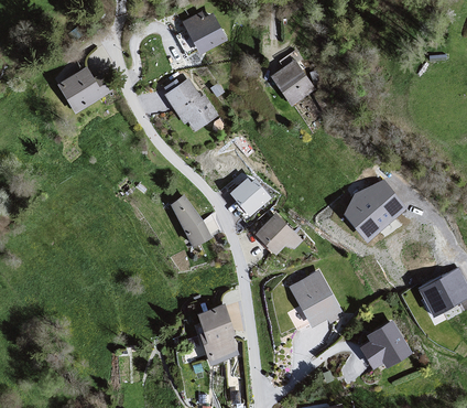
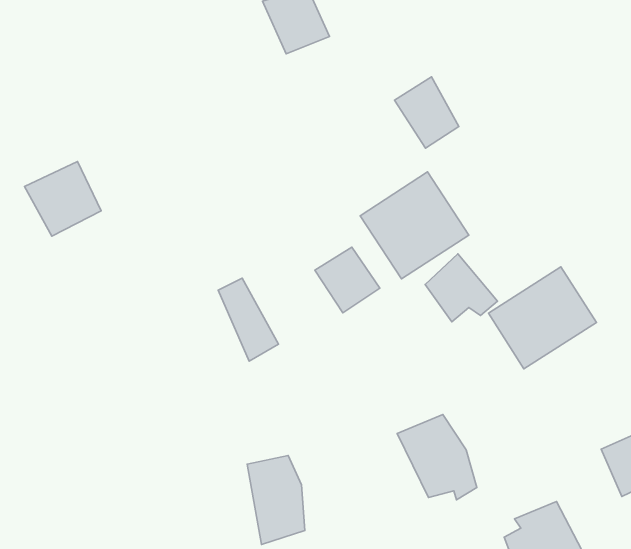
building: [57,66,107,115] -> [24,161,101,236]
building: [164,79,216,133] -> none
building: none -> [360,172,469,279]
building: [257,214,303,257] -> [425,254,498,322]

